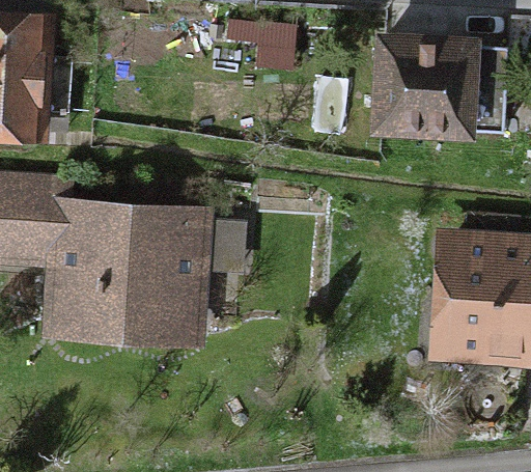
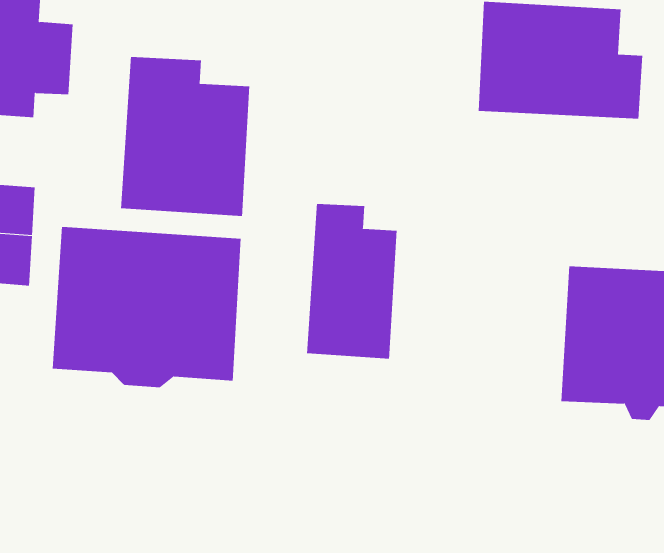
building: none -> [120,56,250,217]
building: none -> [307,203,397,359]

